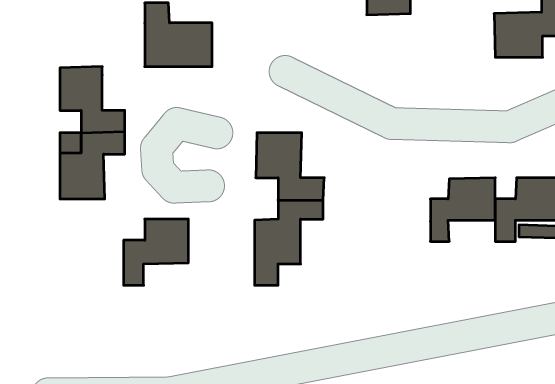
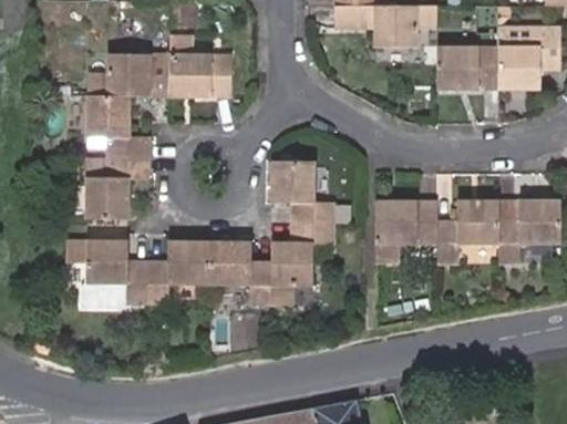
building: none -> [436,46,496,89]
building: none -> [87,55,167,97]
building: none -> [372,201,435,261]
building: none -> [66,239,147,306]
building: none -> [208,239,270,302]

